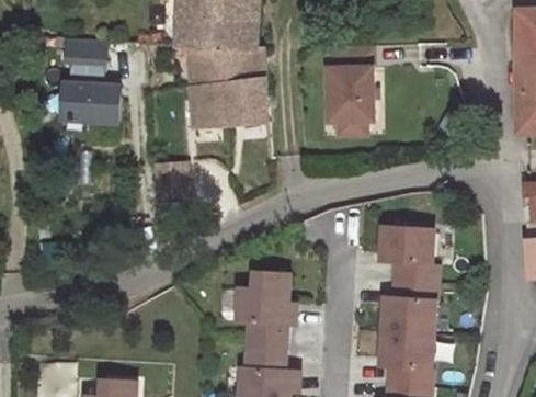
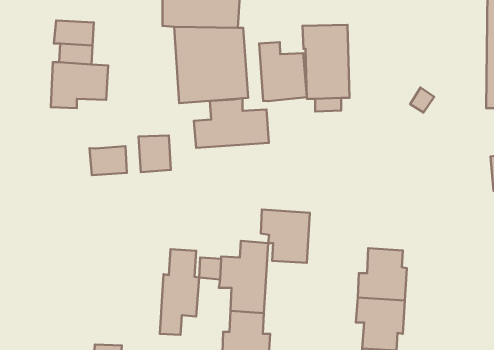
building: none -> [259,42,307,101]
building: none -> [194,98,269,148]
building: none -> [90,146,127,175]
building: [381,226,433,282] -> [261,210,310,263]
building: none -> [160,249,199,335]

